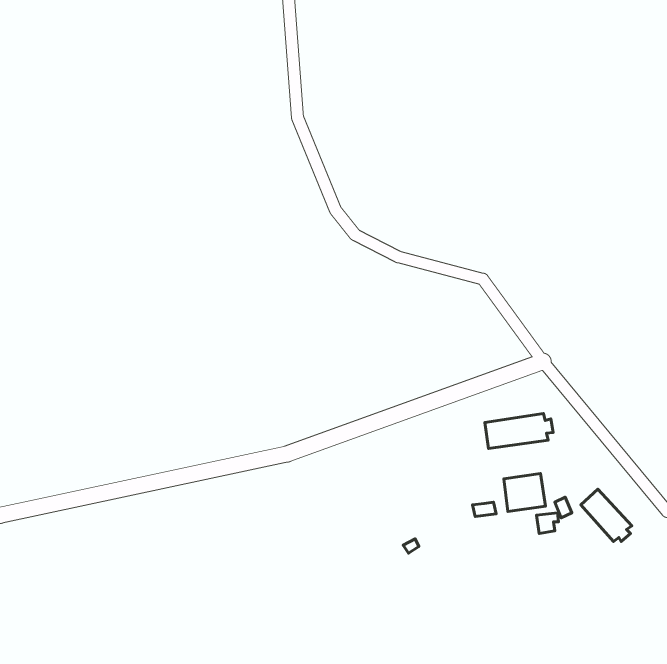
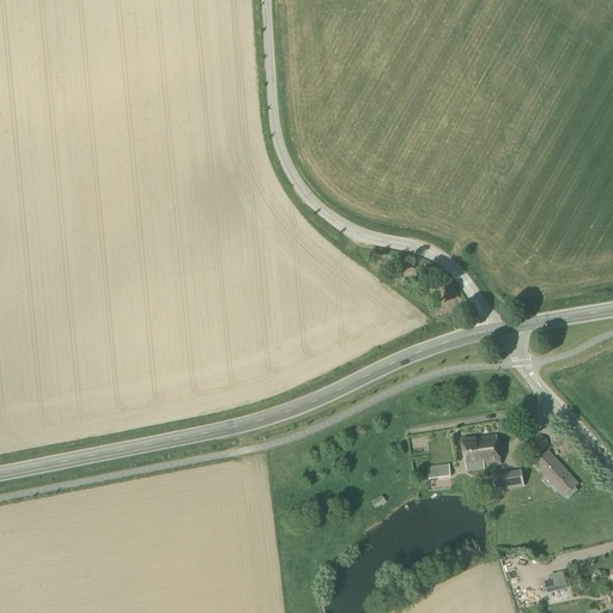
building: [485,413,553,448] -> none

